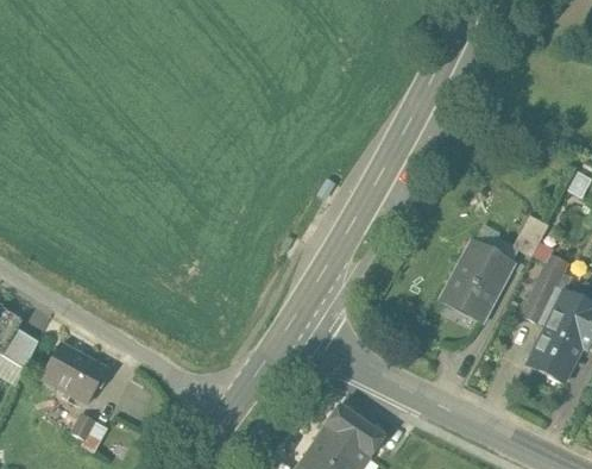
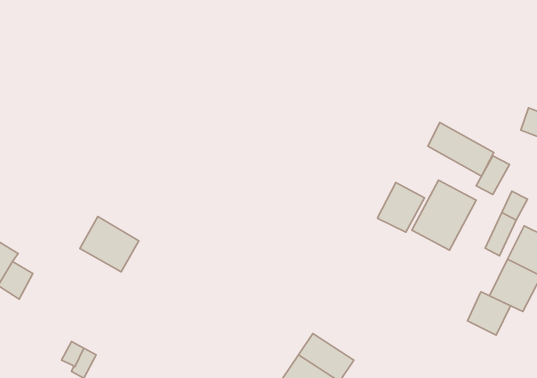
building: none -> [428,123,494,176]
building: none -> [377,182,425,232]
building: [42,343,105,402] -> [80,216,139,272]
building: none -> [468,292,511,335]

